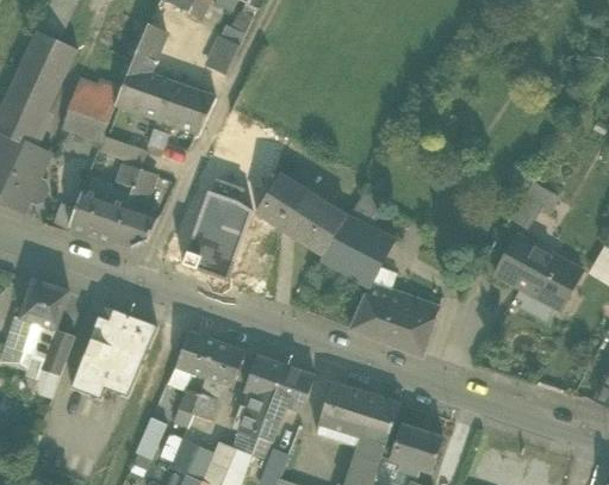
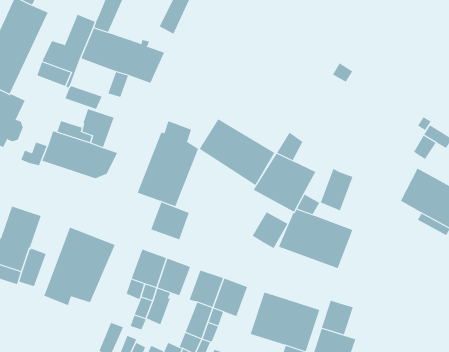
building: none -> [320,168,353,211]
building: none -> [150,201,189,240]
building: none -> [252,211,288,249]
building: none -> [321,300,353,335]

